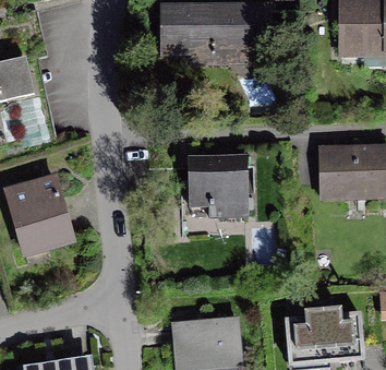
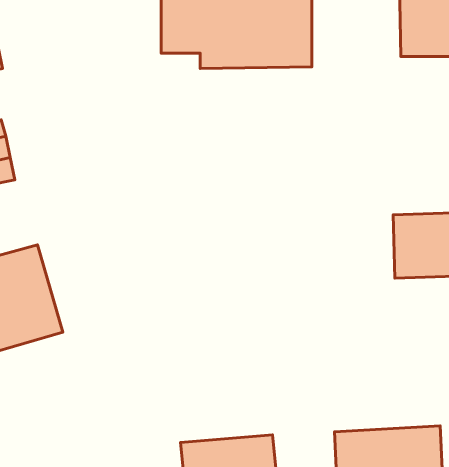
building: [193,156,251,216] -> none

